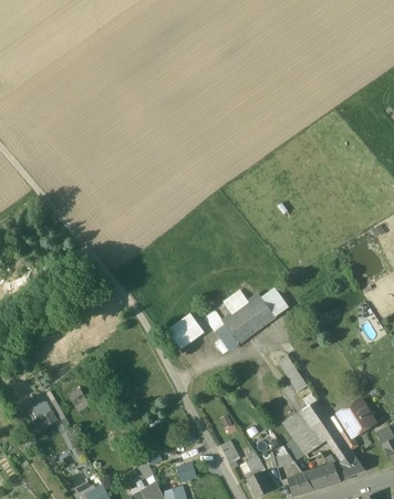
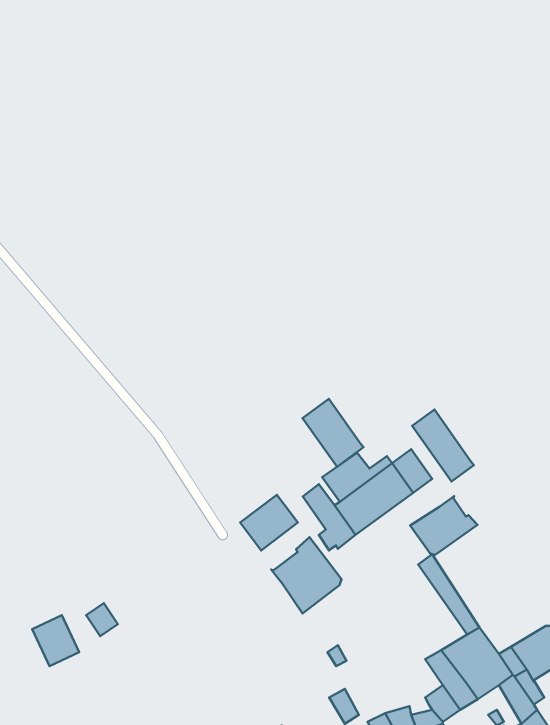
building: none -> [303,399,364,467]
building: none -> [412,410,474,482]
building: none -> [410,496,477,555]
building: none -> [271,537,342,613]

